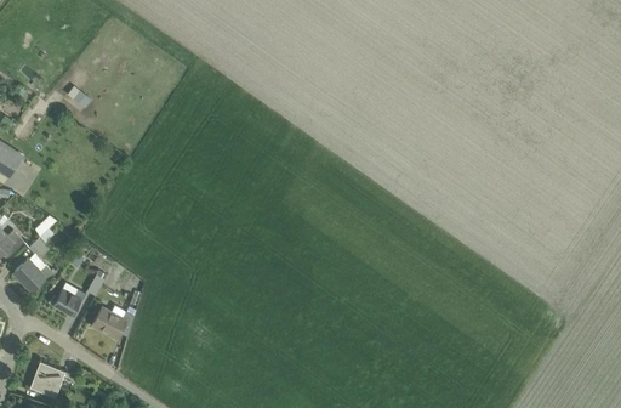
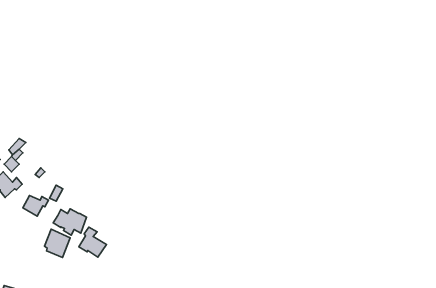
building: none -> [79,227,106,257]
building: [30,362,63,398] -> [44,229,70,258]

